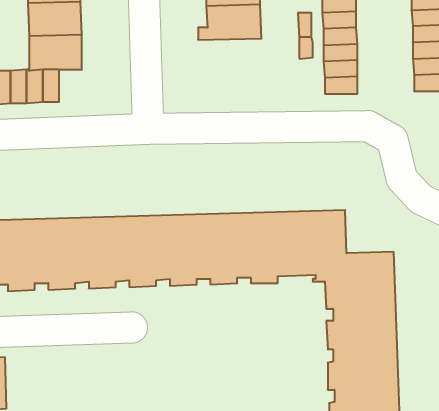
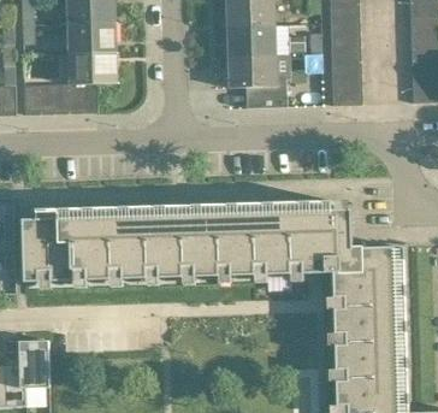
building: none -> [219,54,286,107]

